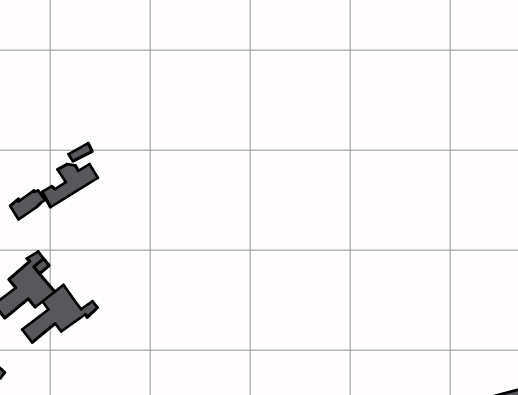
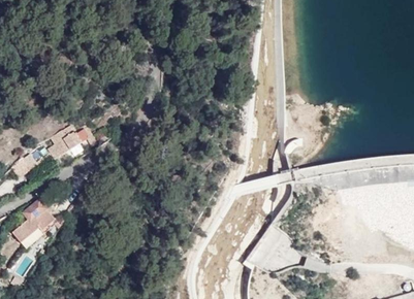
building: [22,285,98,343] -> none

